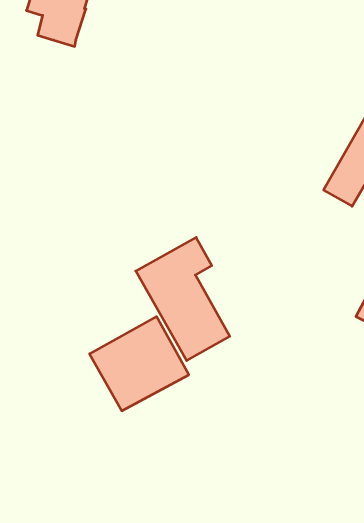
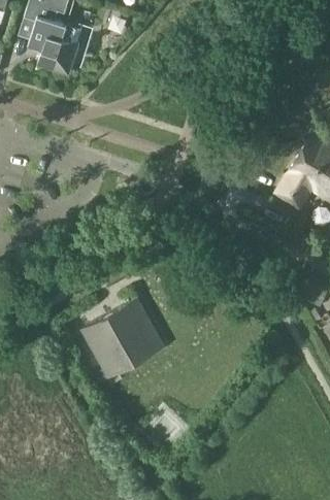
building: [136,237,230,361] -> none

